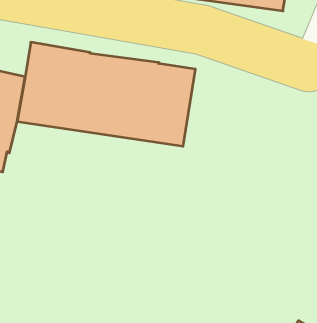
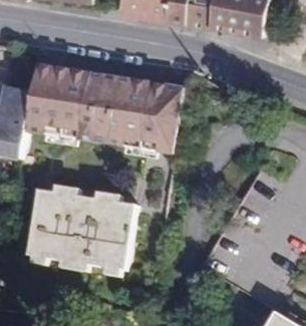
building: none -> [27,190,134,270]

